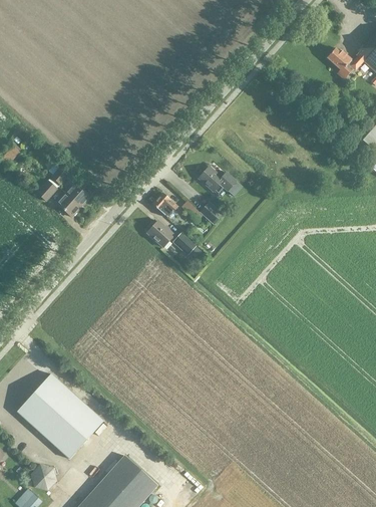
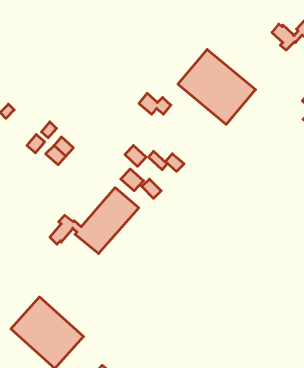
building: none -> [178,49,256,124]
building: [199,167,237,192] -> [139,93,171,114]
building: none -> [50,188,139,254]

